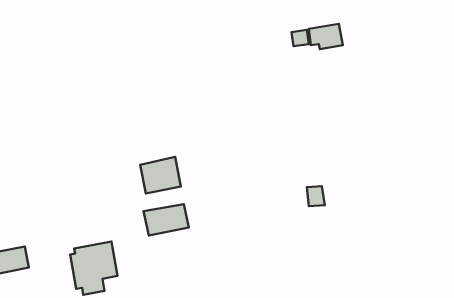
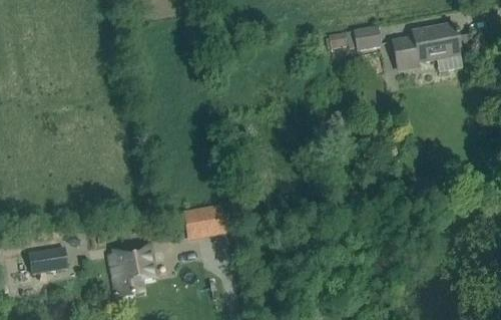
building: none -> [393,22,463,72]
building: [140,157,181,194] -> none

